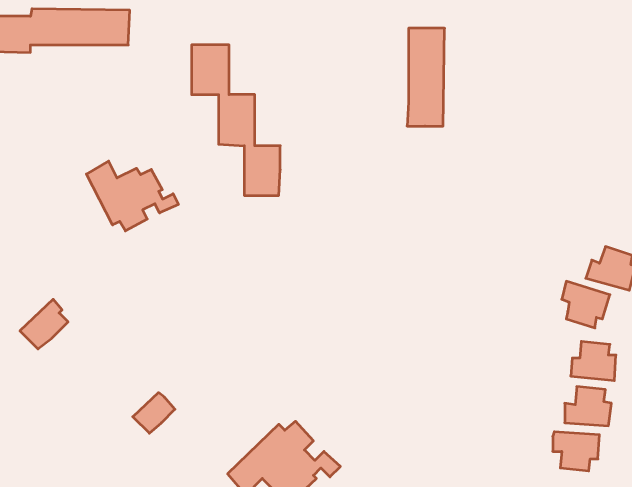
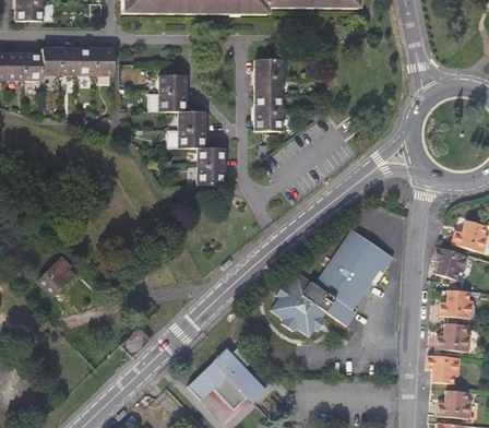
building: [407,28,445,126] -> [260,59,287,130]
building: [86,161,178,231] -> none
building: none -> [270,230,391,337]

